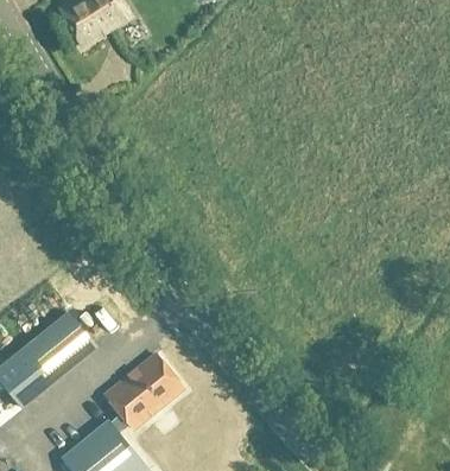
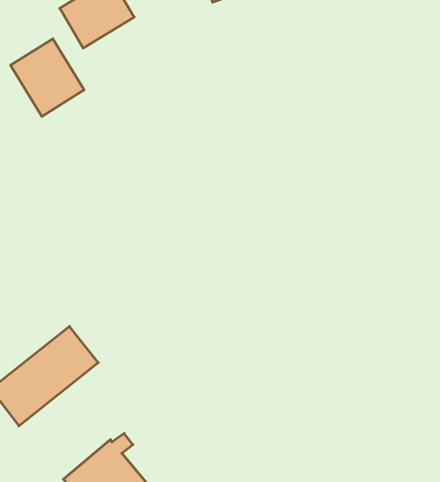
building: none -> [11,39,84,116]
building: [108,352,184,426] -> none

